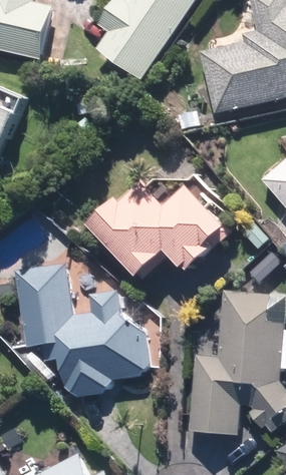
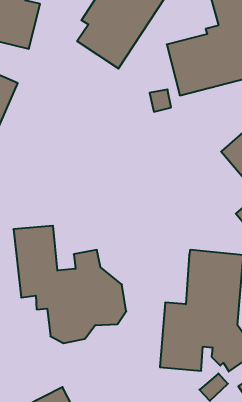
building: [88,188,230,281] -> none

